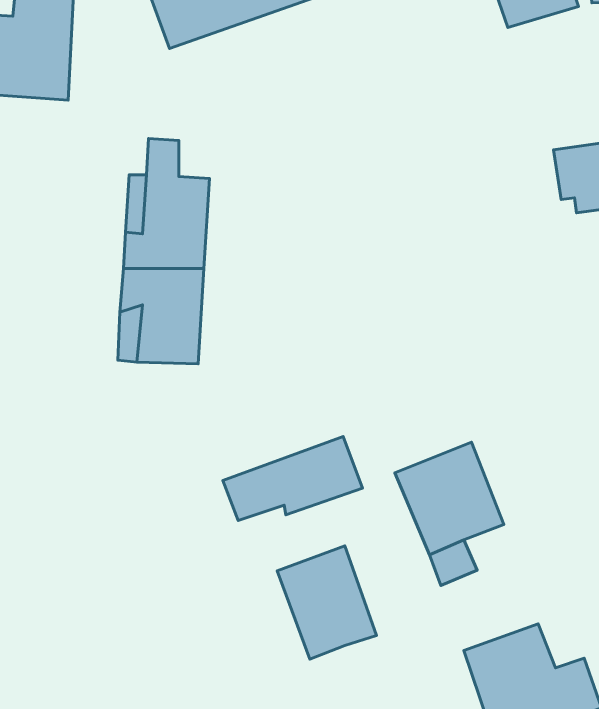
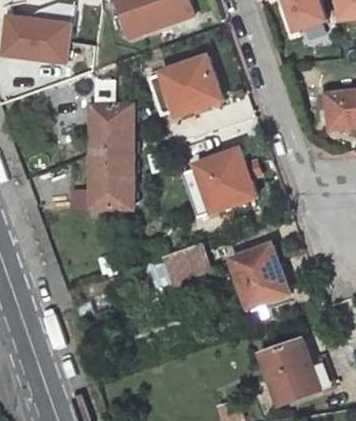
building: none -> [142,51,227,118]
building: none -> [189,141,262,216]
building: [277,546,376,659] -> none

